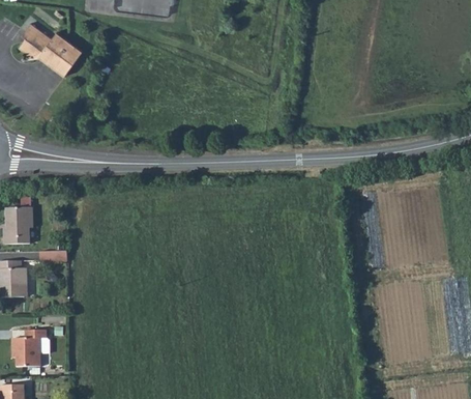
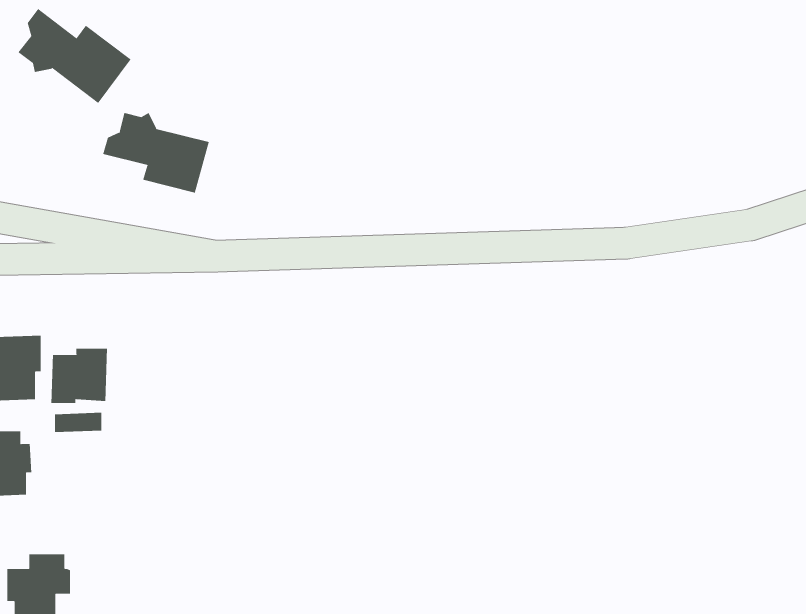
building: none -> [103,112,209,194]
building: none -> [51,348,107,404]

